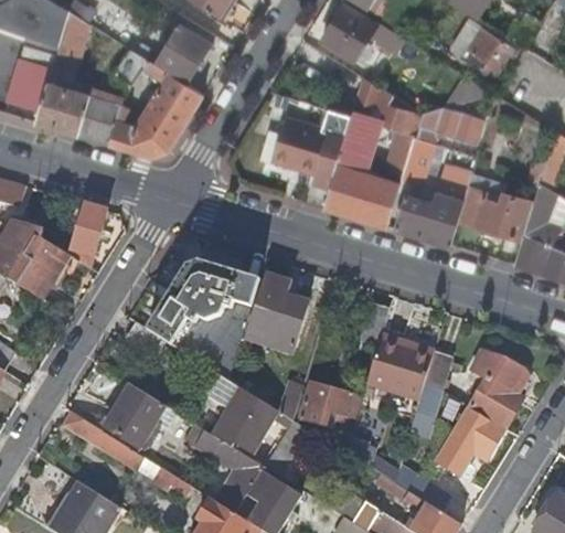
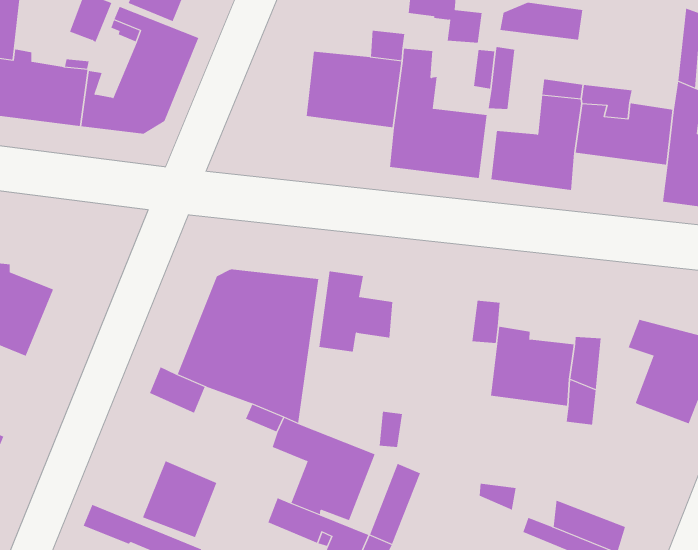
building: [68,203,106,267] -> none
building: [247,322,302,354] -> none
building: [299,381,352,427] -> none
building: [437,406,504,473] -> none

